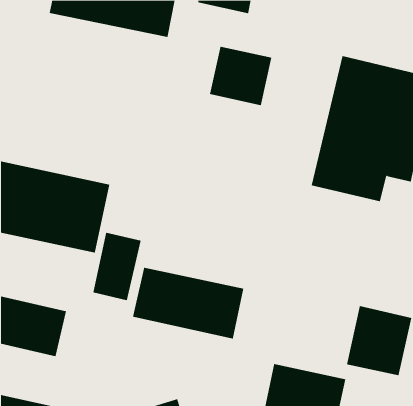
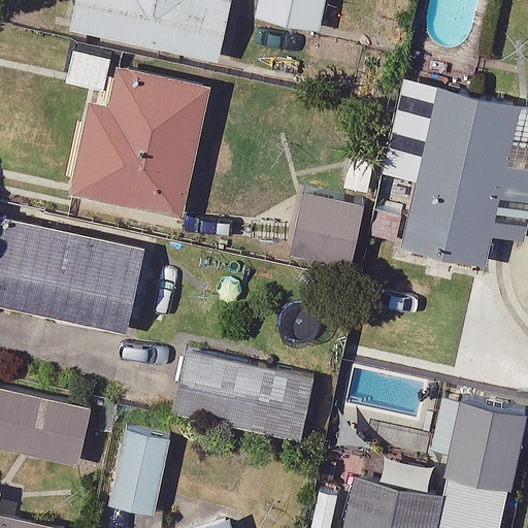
building: none -> [68,65,209,219]
building: [209,46,272,106] -> [288,195,367,270]
building: [92,232,141,301] -> [109,430,171,517]

